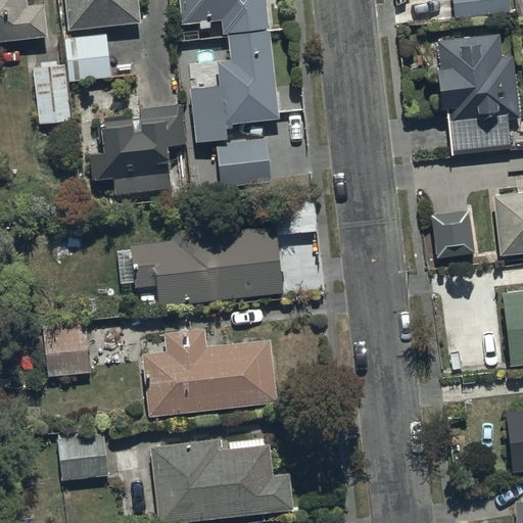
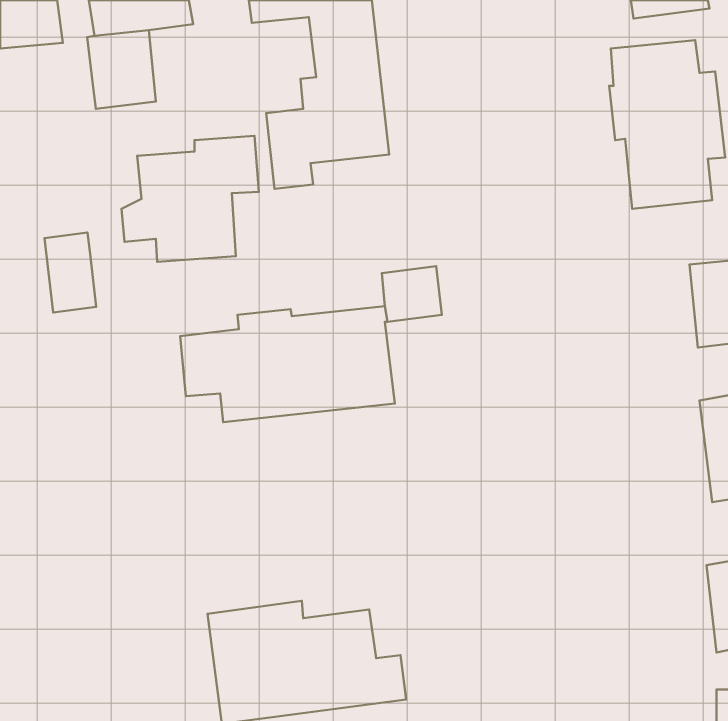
building: [34,67,70,125] -> [45,232,96,312]
building: [216,140,271,181] -> none
building: [431,208,475,260] -> none
building: [42,325,90,373] -> none
building: [142,327,277,416] -> none
building: [56,432,109,483] -> none

